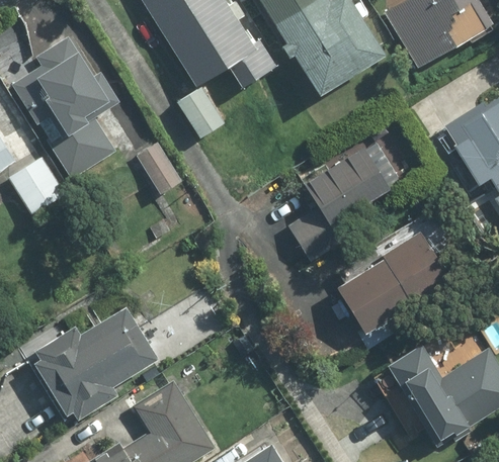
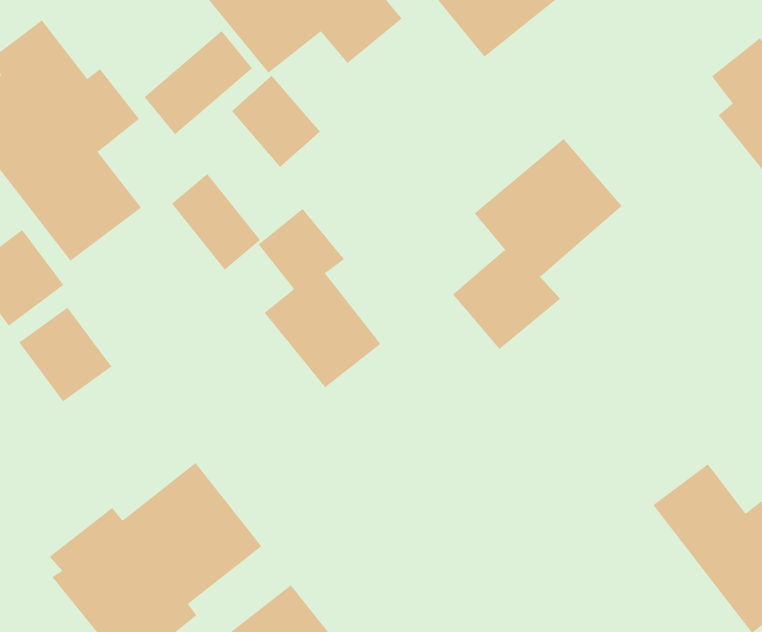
building: none -> [144,30,253,135]
building: none -> [258,208,381,388]
building: none -> [18,307,112,402]
building: [339,232,450,331] -> none

